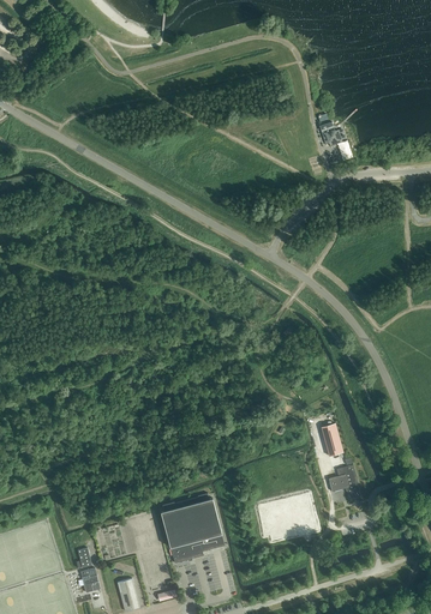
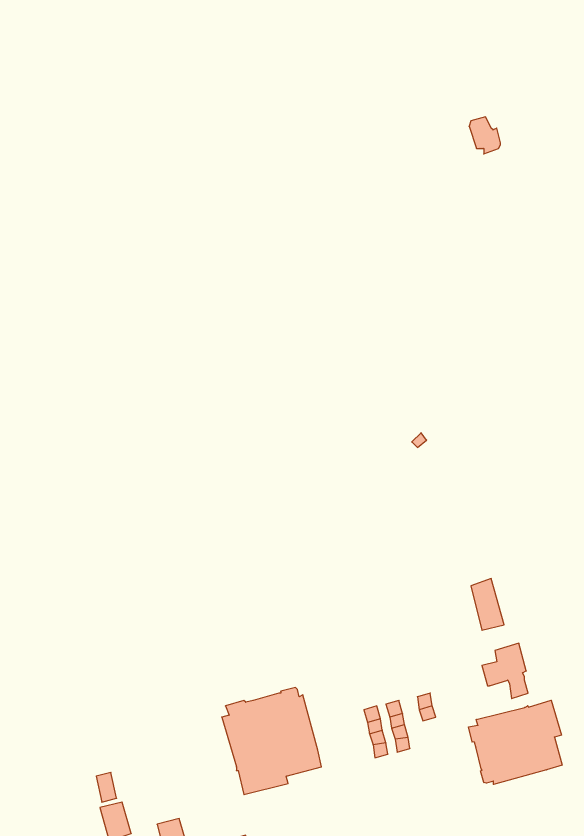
building: none -> [469,700,562,784]

